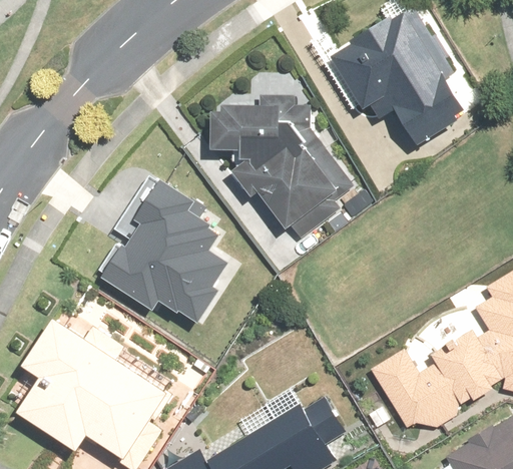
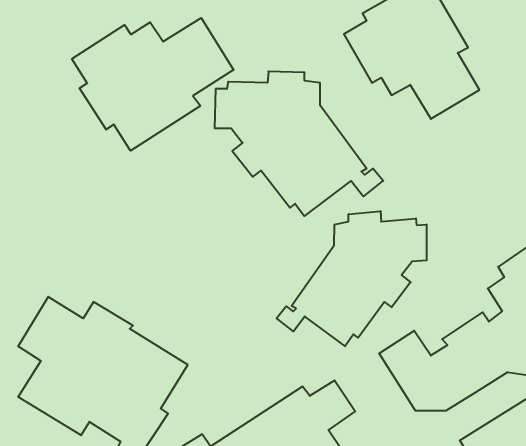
building: none -> [72,18,234,151]
building: [100,183,224,321] -> none
building: none -> [277,211,427,346]

